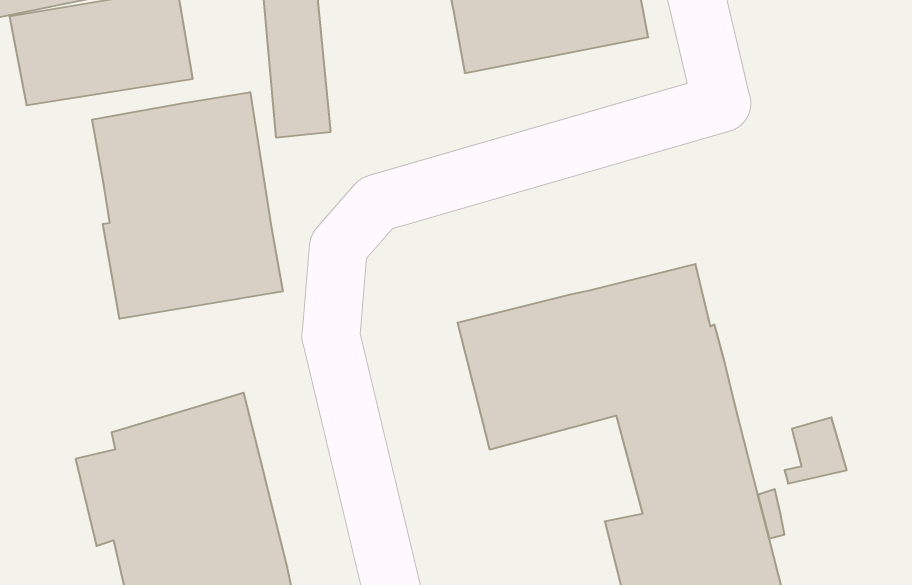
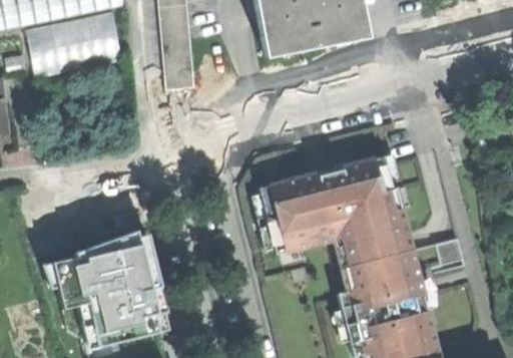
building: [92,92,283,319] -> none

